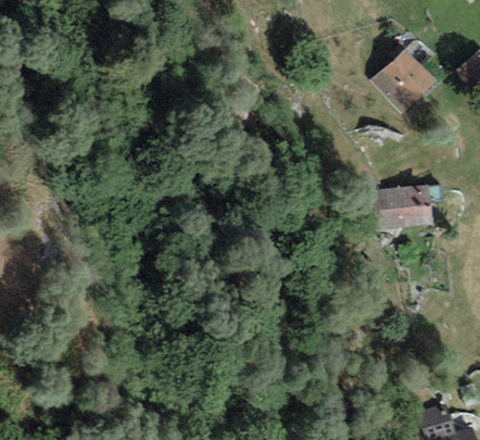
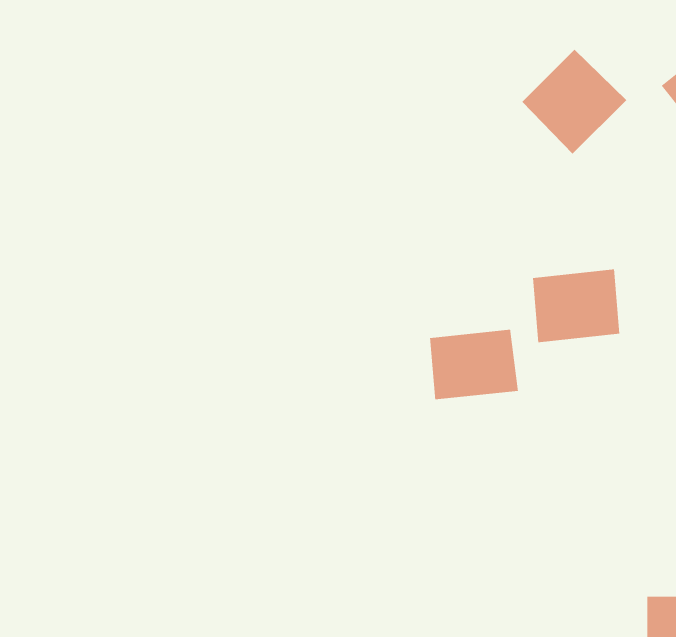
building: none -> [430,329,519,400]

